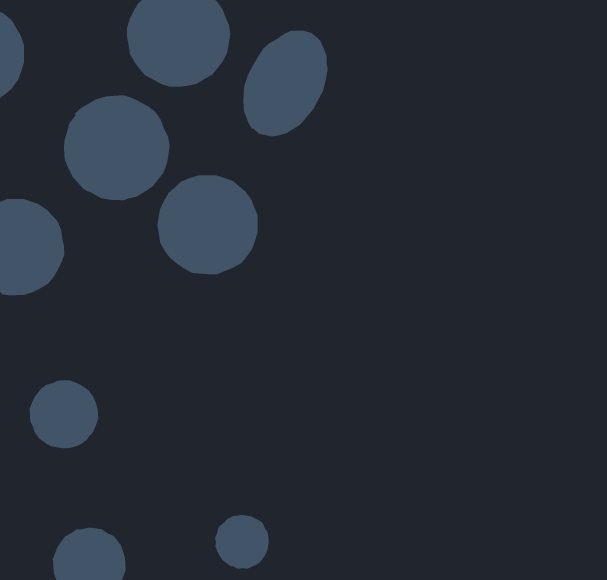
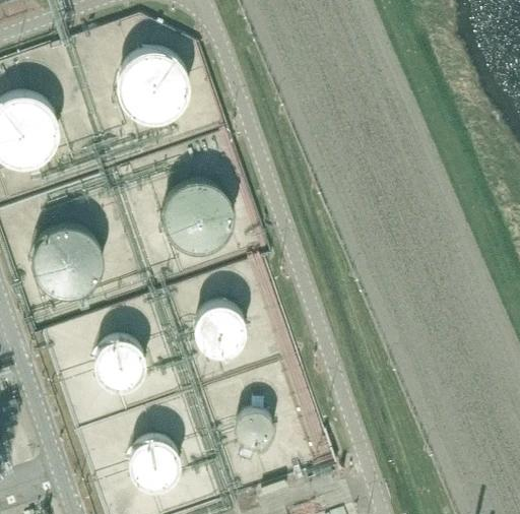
building: [242,30,329,137] -> none
building: [63,95,171,201] -> none
building: none -> [195,309,247,361]

